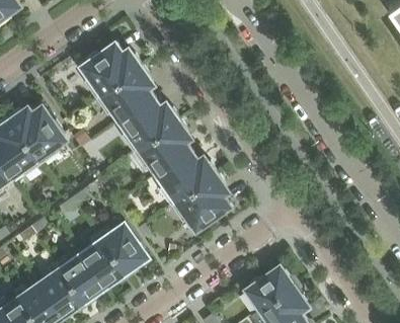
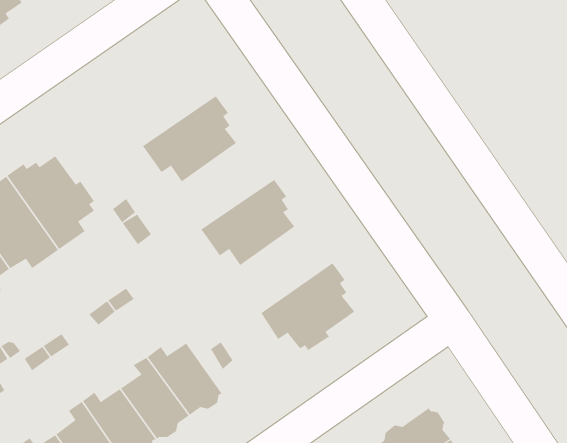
building: [82,42,143,98] -> none
building: [121,96,180,152] -> none
building: [158,150,218,206] -> none

